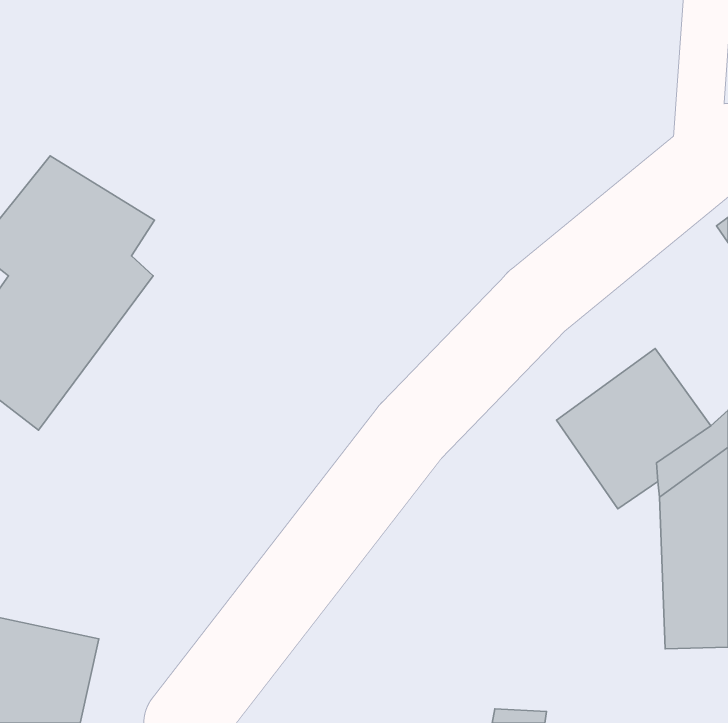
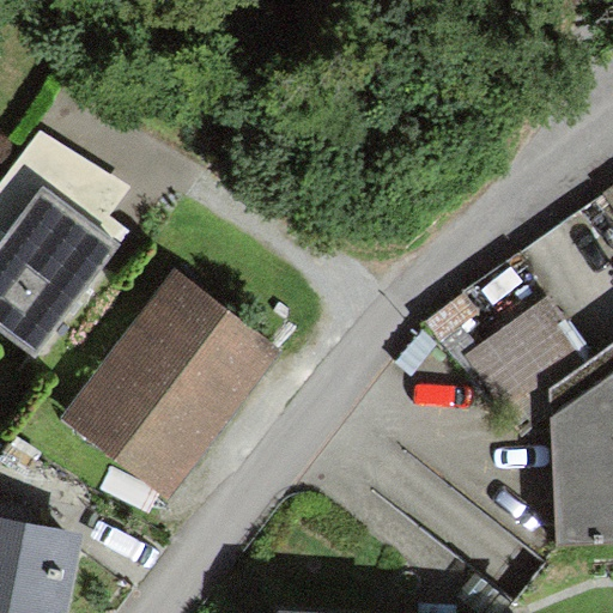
building: none -> [60,269,280,499]

